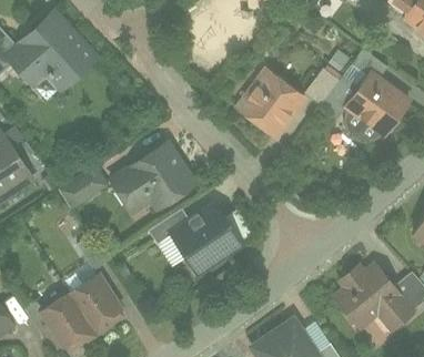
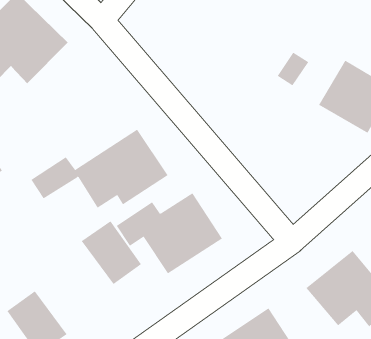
building: [228,71,302,144] -> none
building: [69,275,128,337] -> [81,220,142,285]

